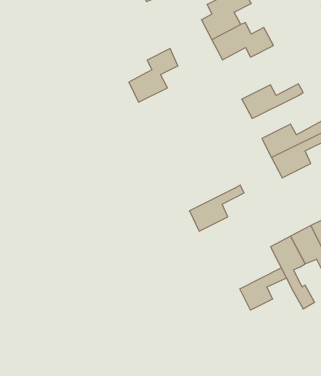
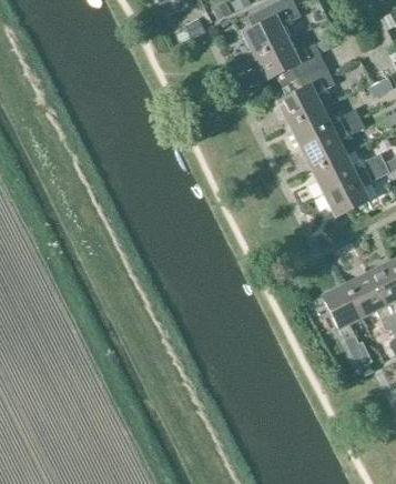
building: [129,49,178,102] -> [277,62,334,124]
building: [189,185,244,231] -> [301,117,364,170]
building: [240,268,287,310] -> none

